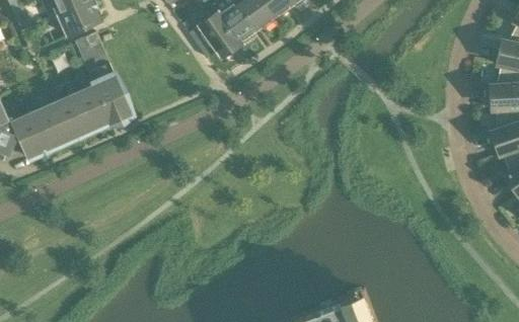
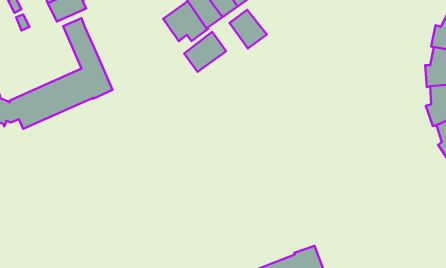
building: none -> [229,10,267,48]
building: none -> [184,32,226,72]

